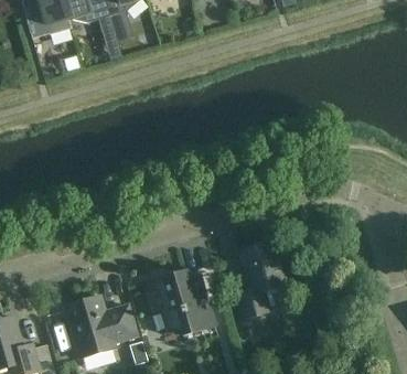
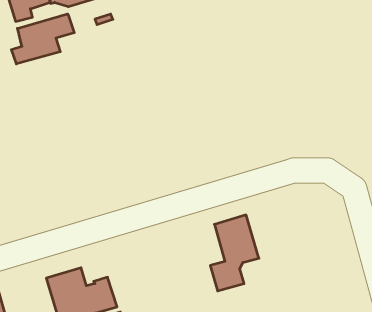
building: none -> [11,14,74,64]
building: [147,268,215,333] -> none

